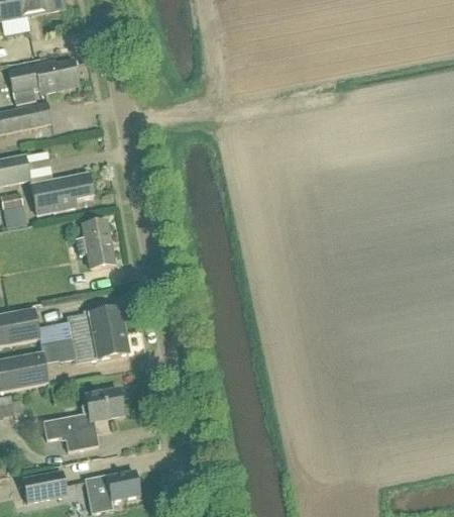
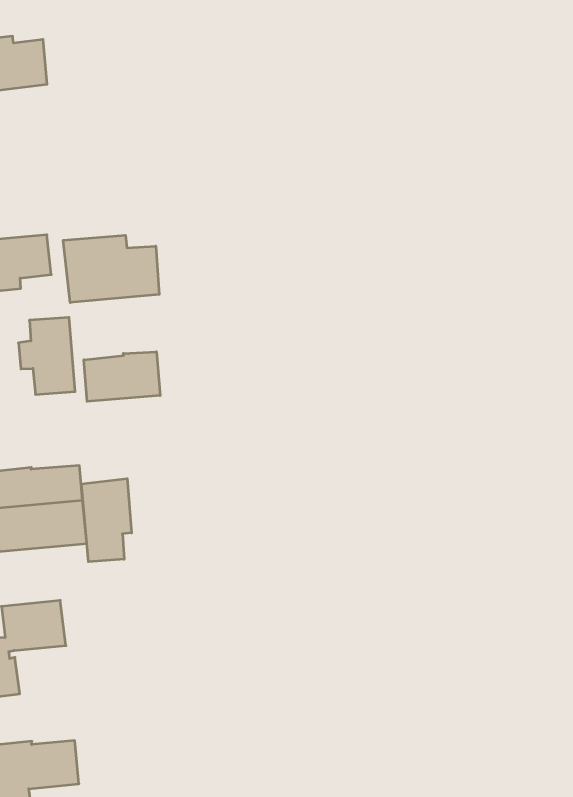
building: none -> [63,235,159,303]
building: none -> [84,352,160,401]
building: none -> [81,479,132,562]

